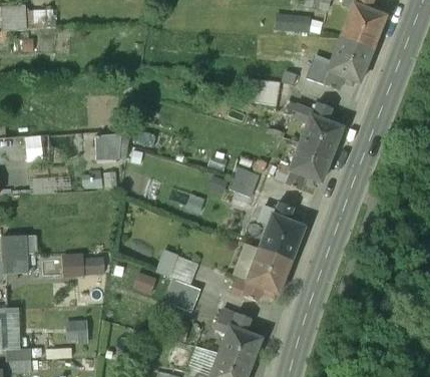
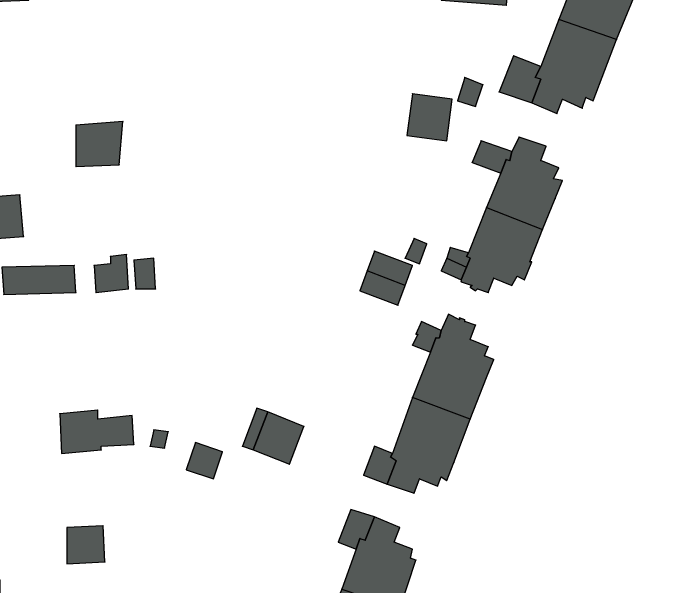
building: [96,133,122,158] -> [76,121,123,167]
building: [165,278,200,311] -> none

